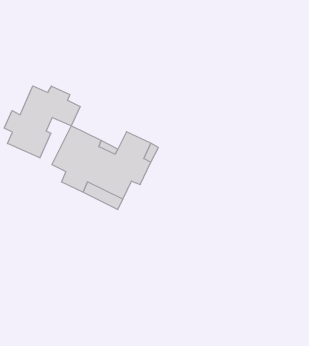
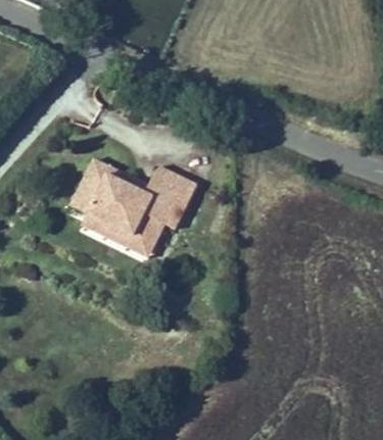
building: [4,86,80,158] -> none

